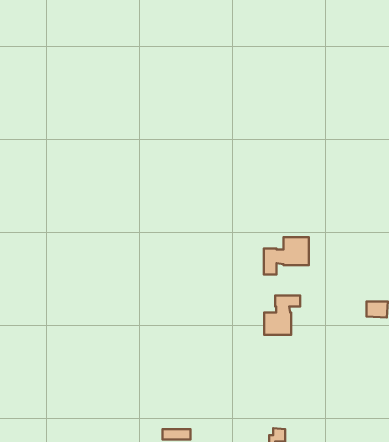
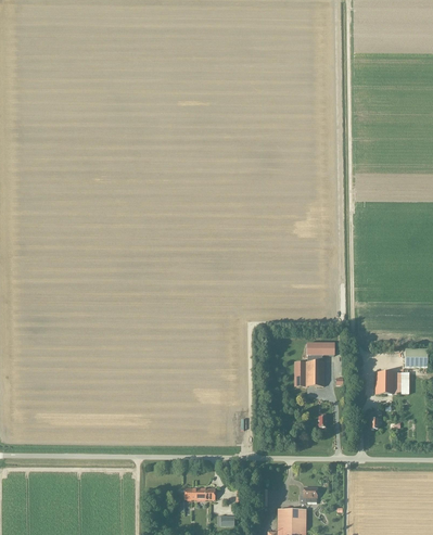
building: [264,237,309,274] -> none
building: none -> [375,371,409,394]

